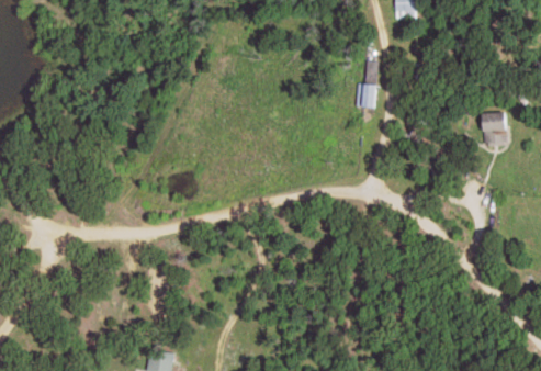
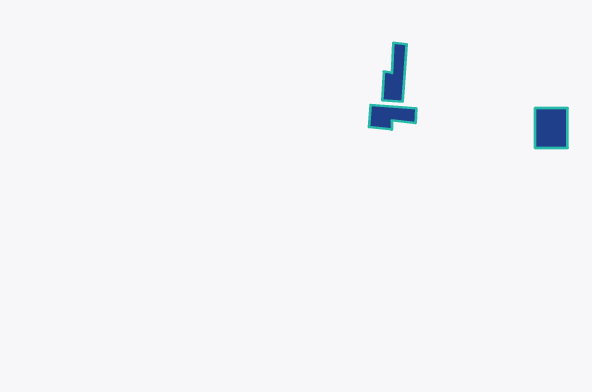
building: none -> [369,105,416,130]

